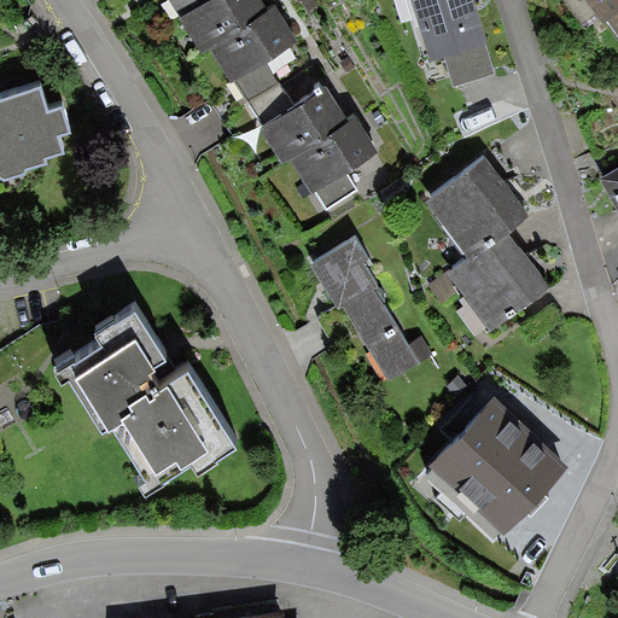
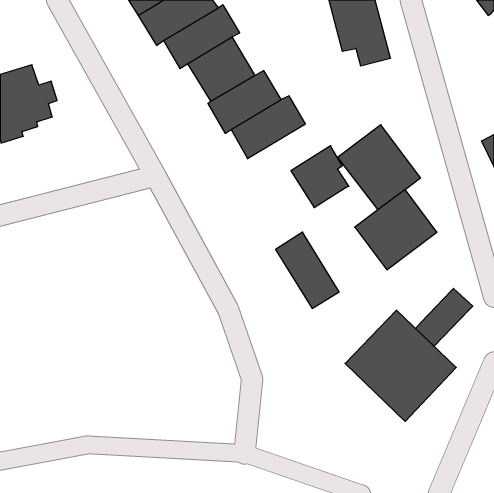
building: [309,239,381,316] -> [291,146,349,208]
building: [60,303,245,490] -> none
building: none -> [416,288,473,346]

